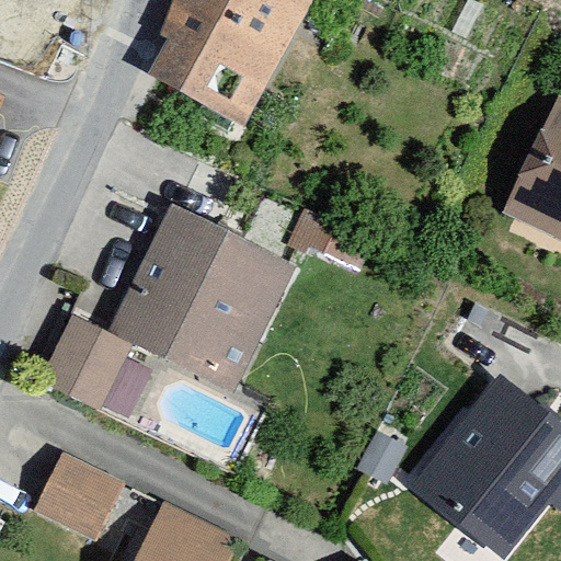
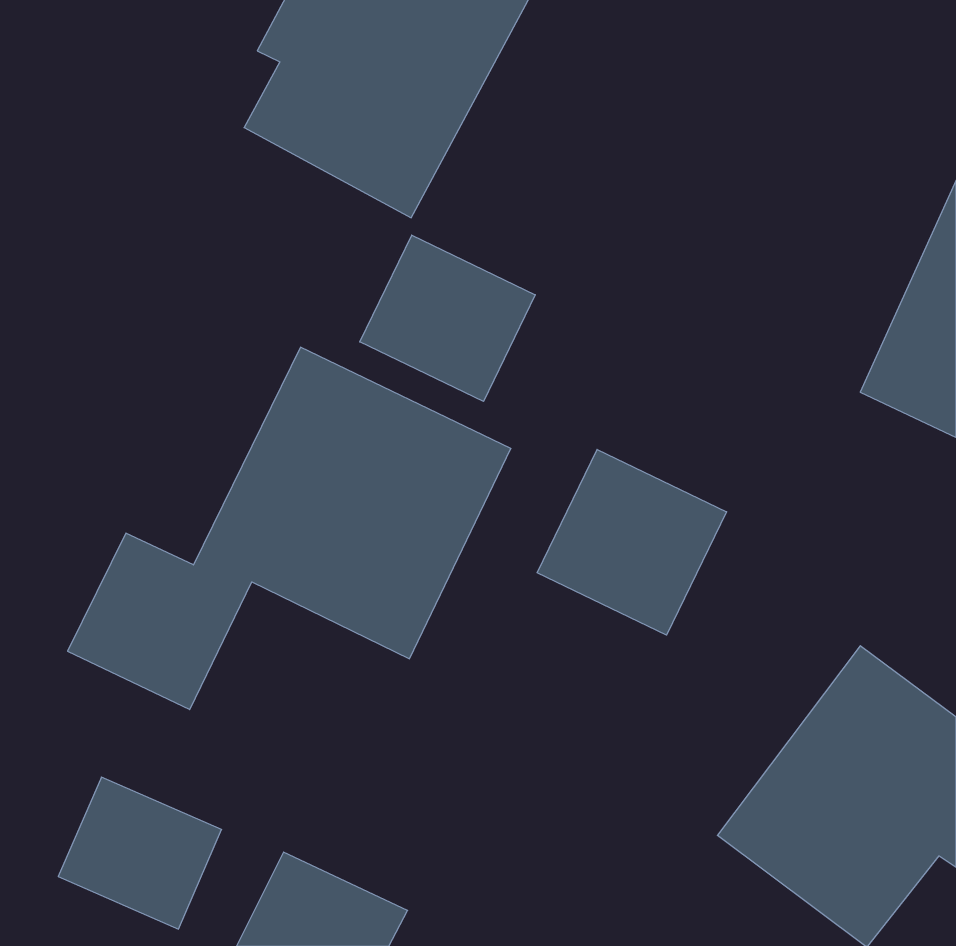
building: none -> [360,235,535,401]
building: none -> [537,449,727,635]

